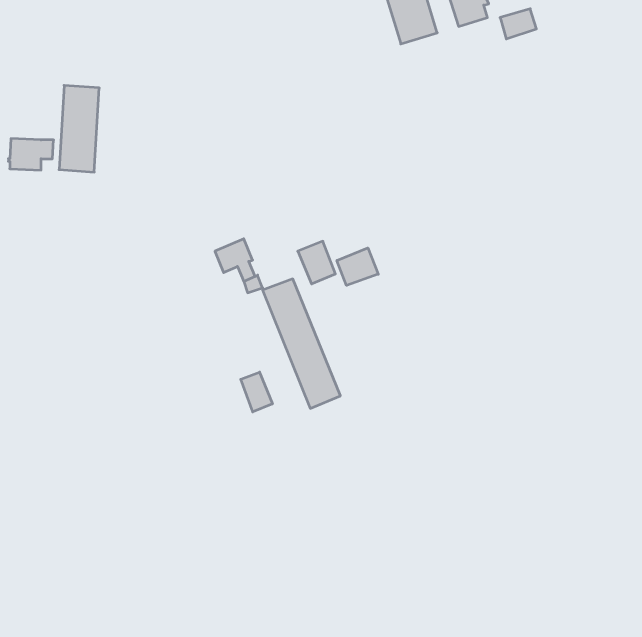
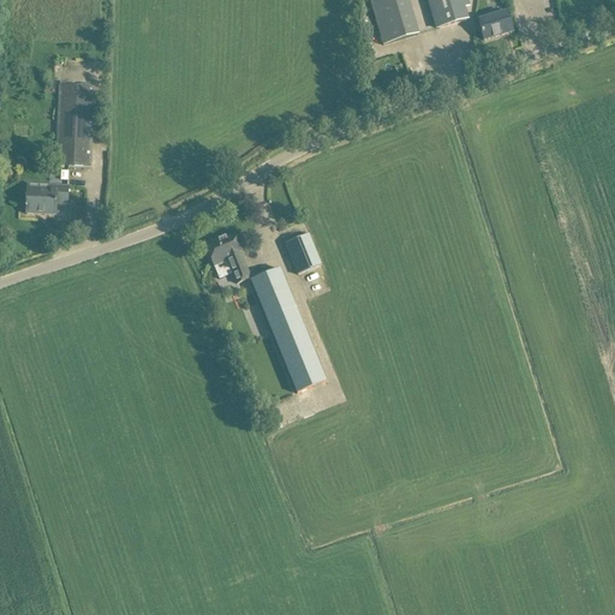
building: [8,139,54,170] -> [25,181,68,211]
building: [337,248,378,285] -> none
building: [241,372,272,412] -> none

